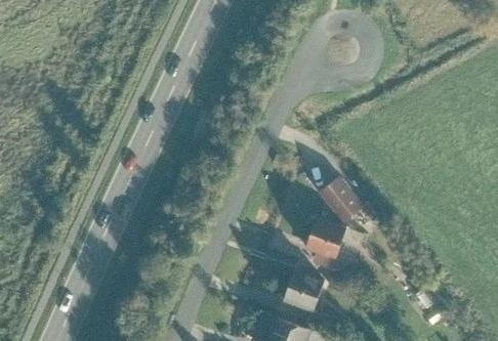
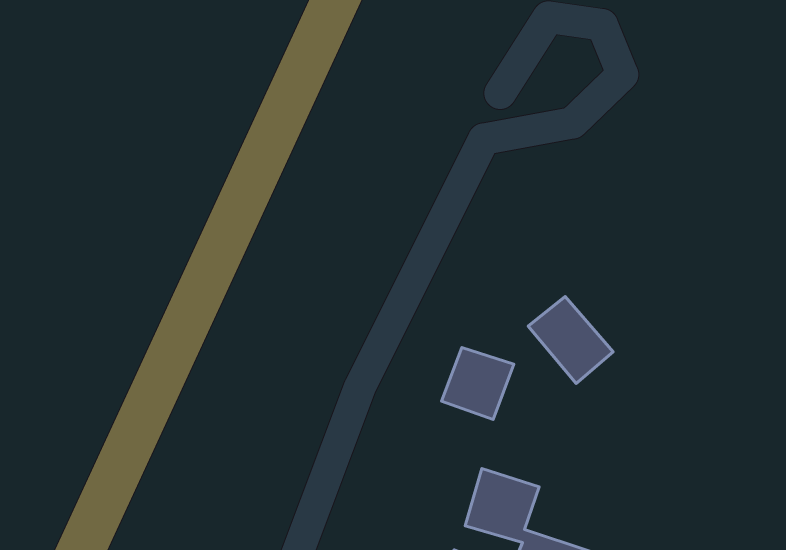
building: [305,222,345,262] -> [442,347,514,420]

